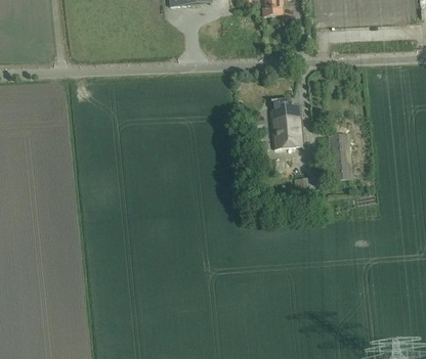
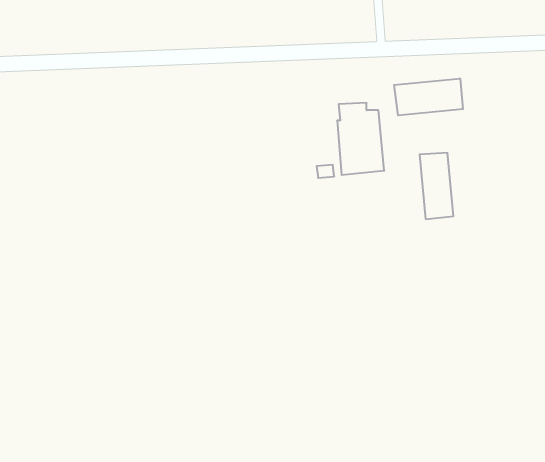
building: none -> [394,78,463,115]

